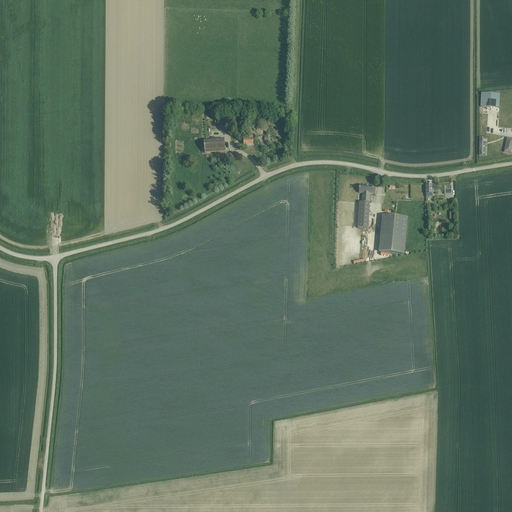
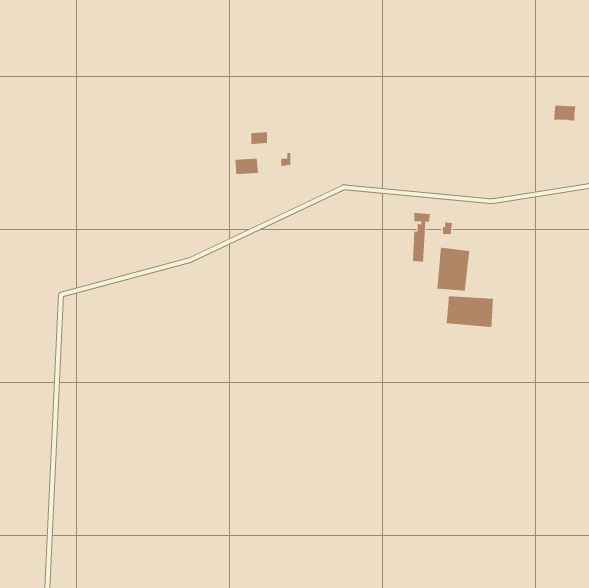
building: none -> [446,296,493,328]

